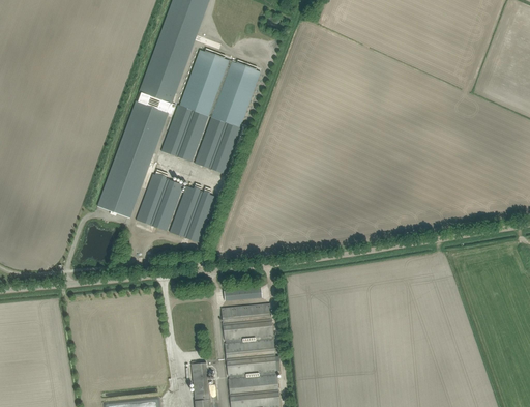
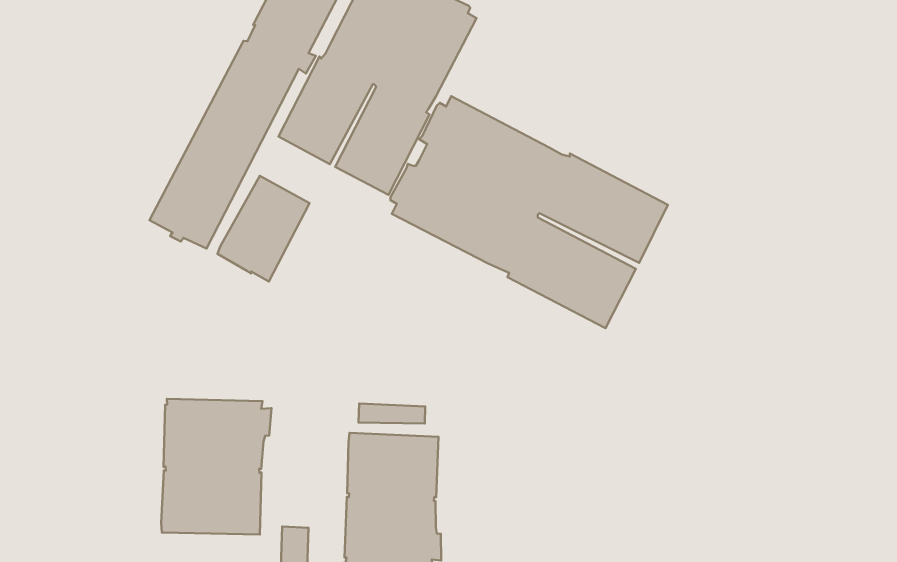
building: none -> [390,96,668,328]
building: [170,185,216,242] -> none
building: none -> [161,399,271,534]

